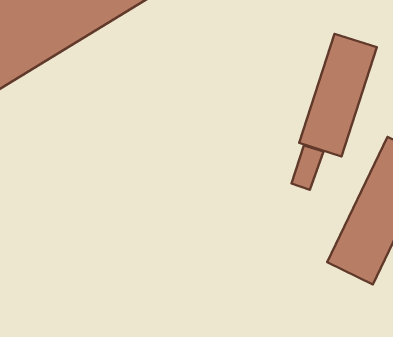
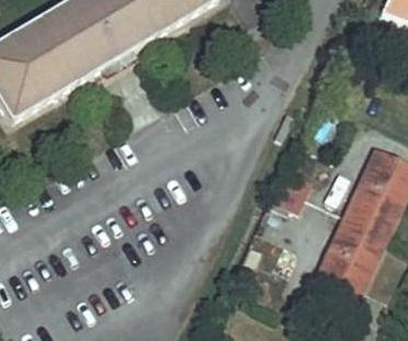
building: [299,34,377,156] -> none

